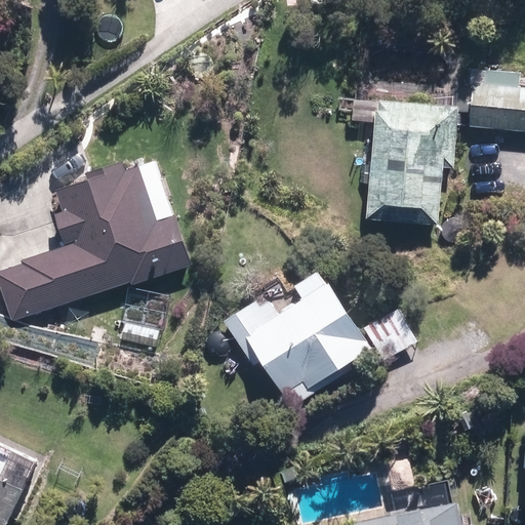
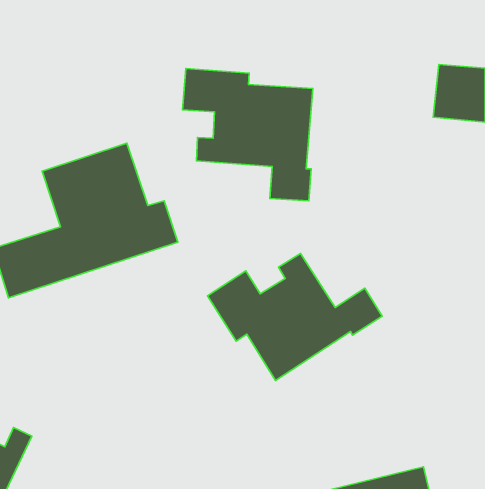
building: none -> [182,69,313,201]
building: [365,100,458,221] -> none

